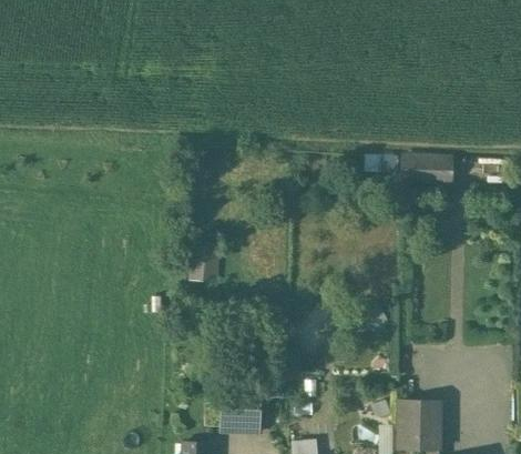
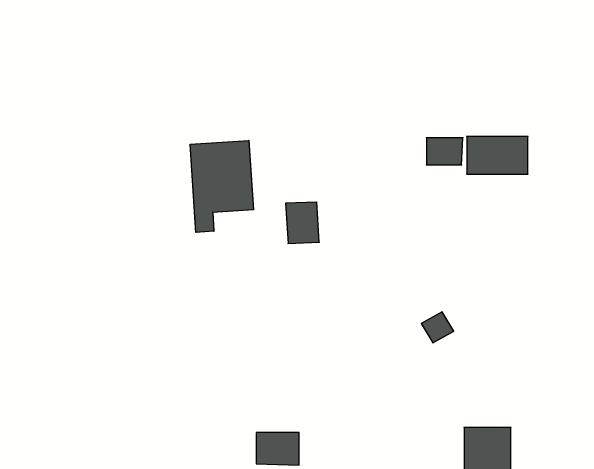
building: none -> [190,140,253,232]
building: [190,245,218,281] -> [286,202,319,244]

